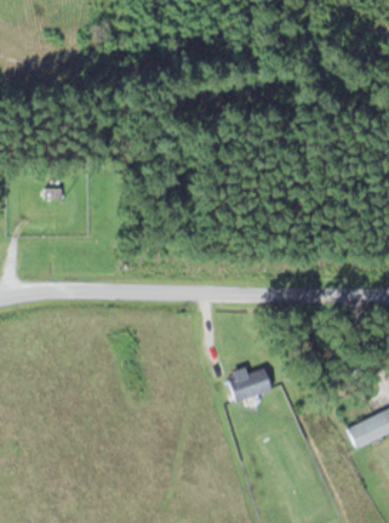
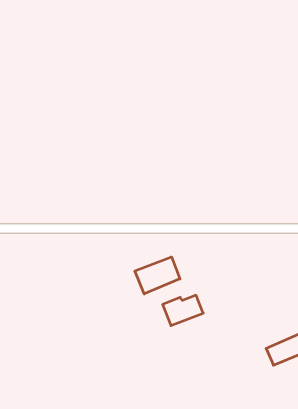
building: none -> [135,257,180,294]

